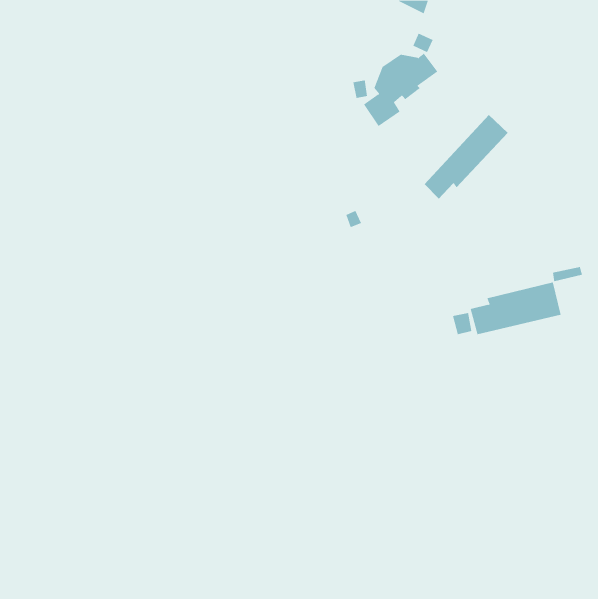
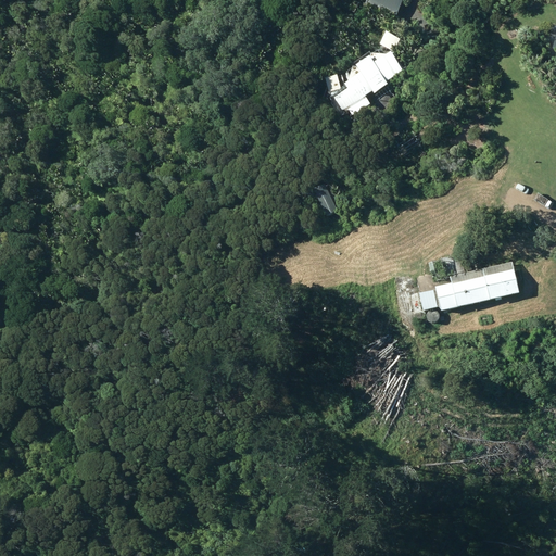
building: [424,114,509,199] -> none

